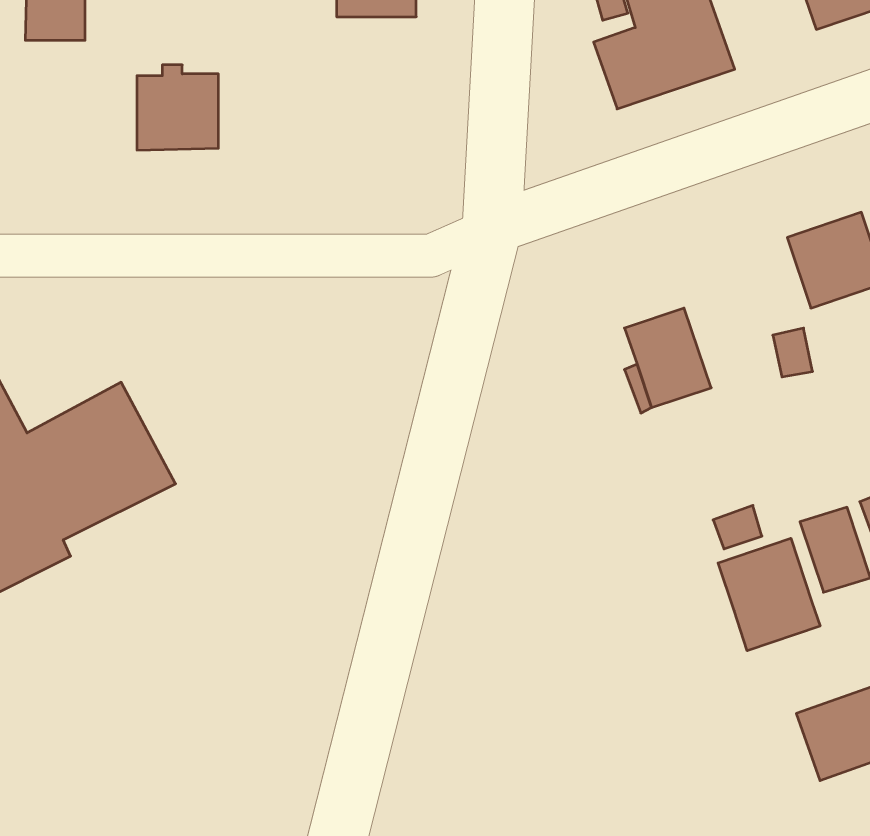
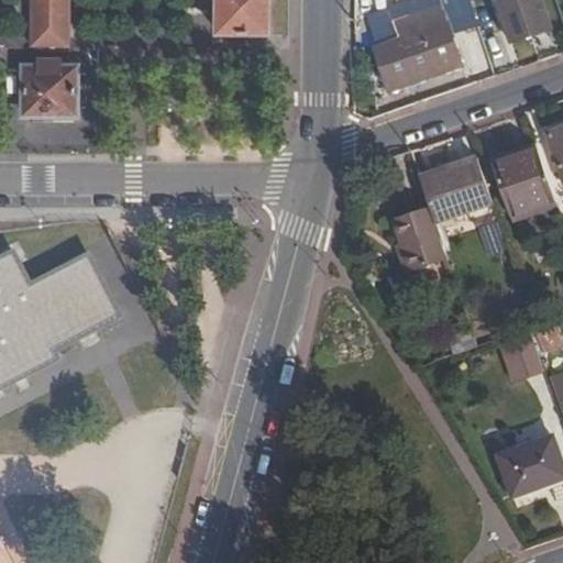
building: [137,65,218,150] -> [26,60,76,112]
building: none -> [418,159,489,222]
building: [718,538,820,651] -> none

